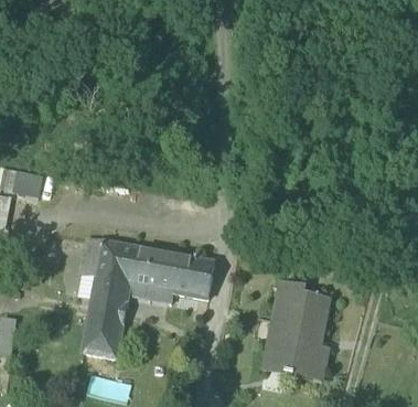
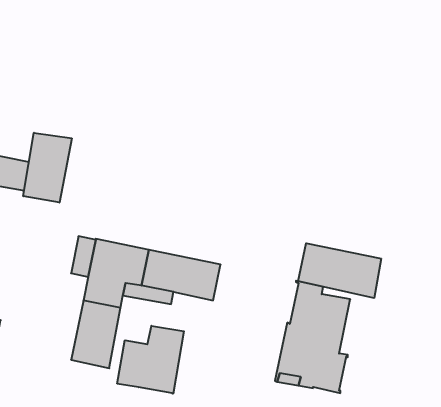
building: none -> [23,133,72,203]
building: none -> [298,243,381,298]
building: none -> [117,326,184,394]

